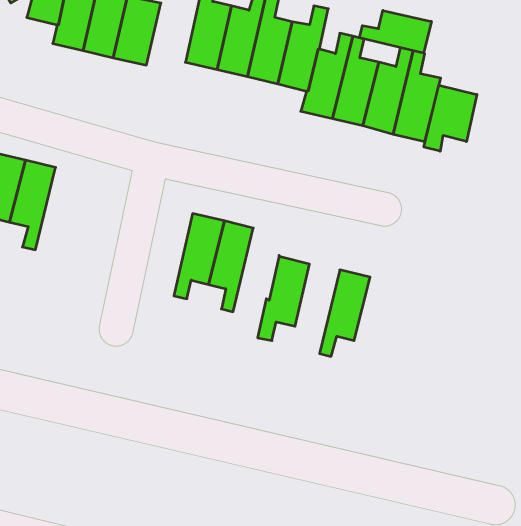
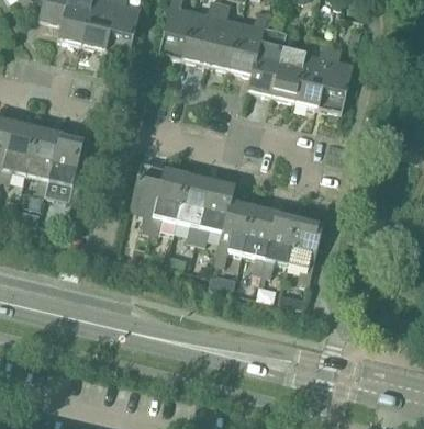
building: [360,10,431,53] -> none
building: [424,85,477,151] -> none
building: none -> [44,131,87,195]
building: none -> [129,160,164,228]
building: none -> [194,177,234,242]
building: none -> [242,204,276,272]
building: none -> [287,214,323,283]

